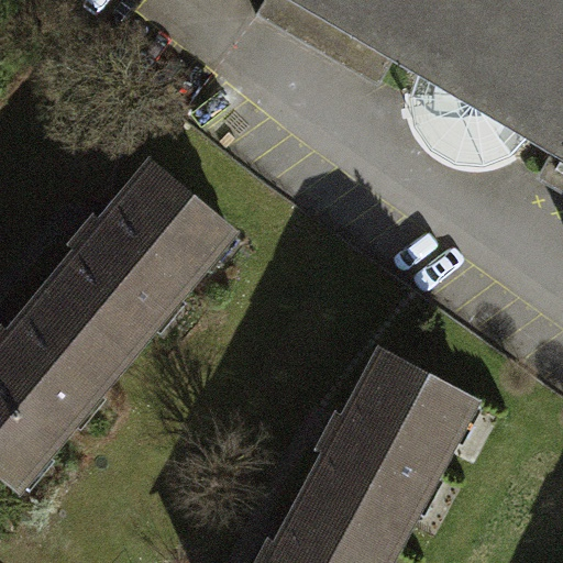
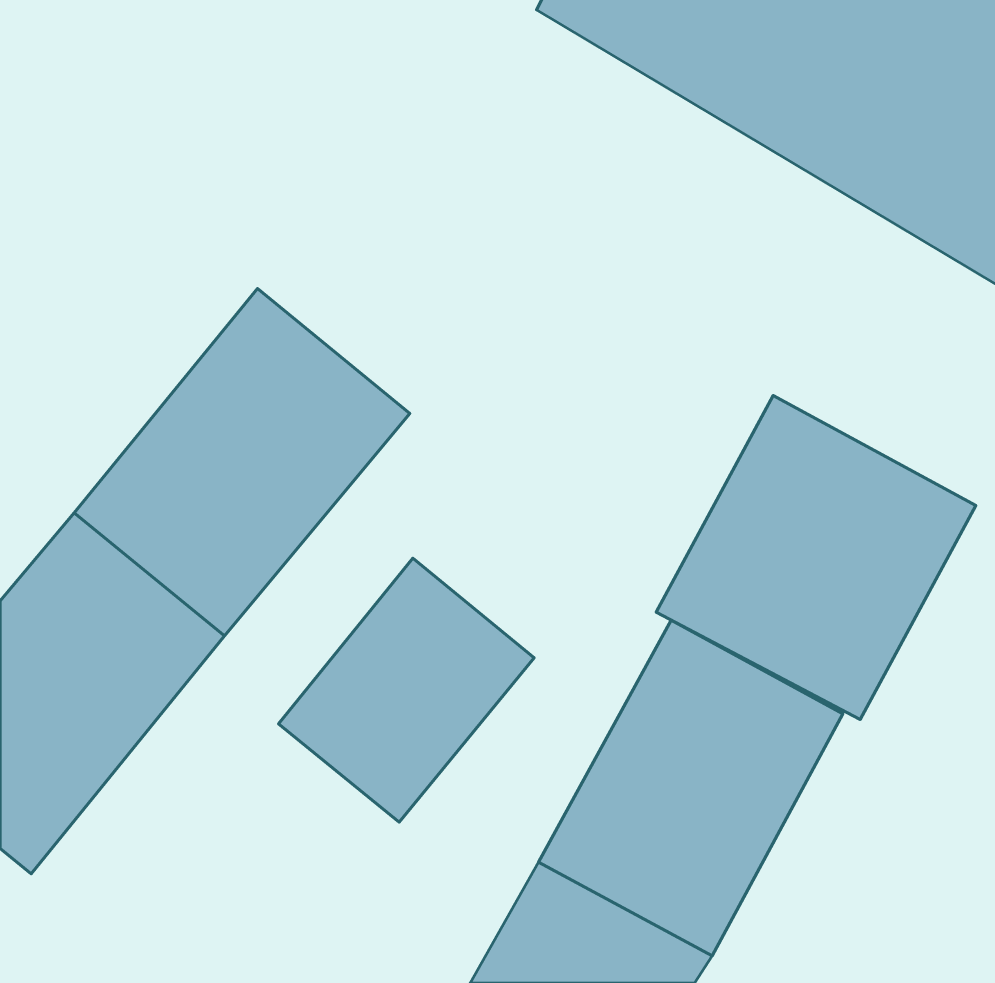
building: none -> [656,395,976,719]
building: none -> [278,558,534,822]

